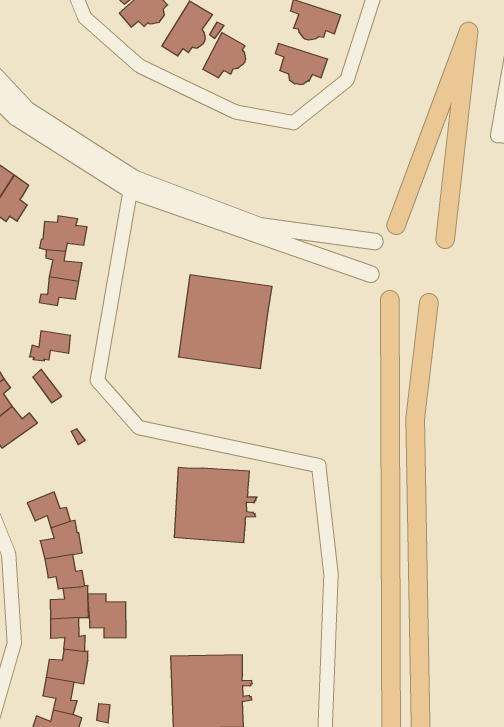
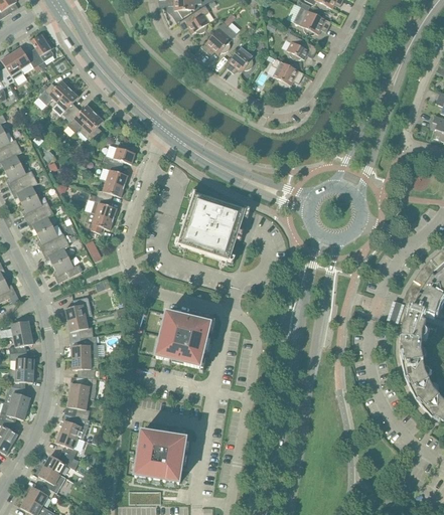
building: none -> [91,193,118,218]
building: none -> [64,296,92,319]
building: [88,594,126,638] -> none

